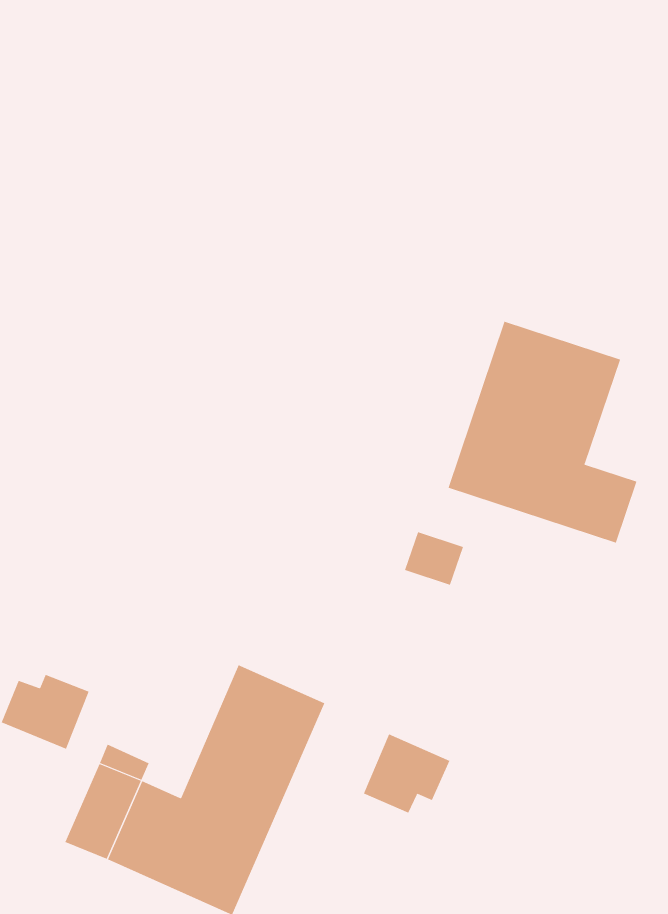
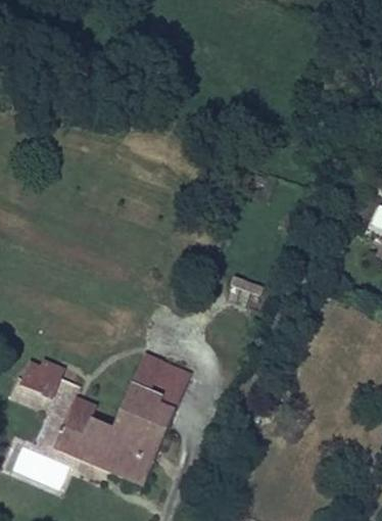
building: [448,321,637,543] -> none
building: [363,734,450,814] -> none

